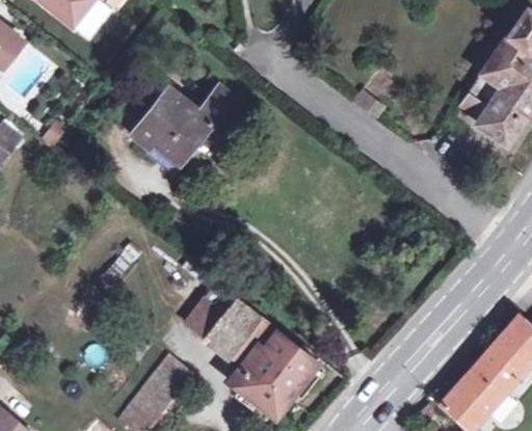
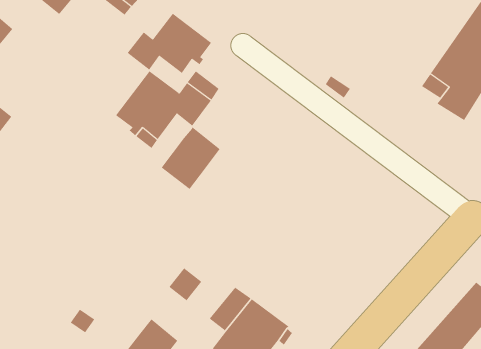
building: none -> [127,13,212,74]
building: none -> [161,127,220,190]
building: [208,300,260,353] -> none

